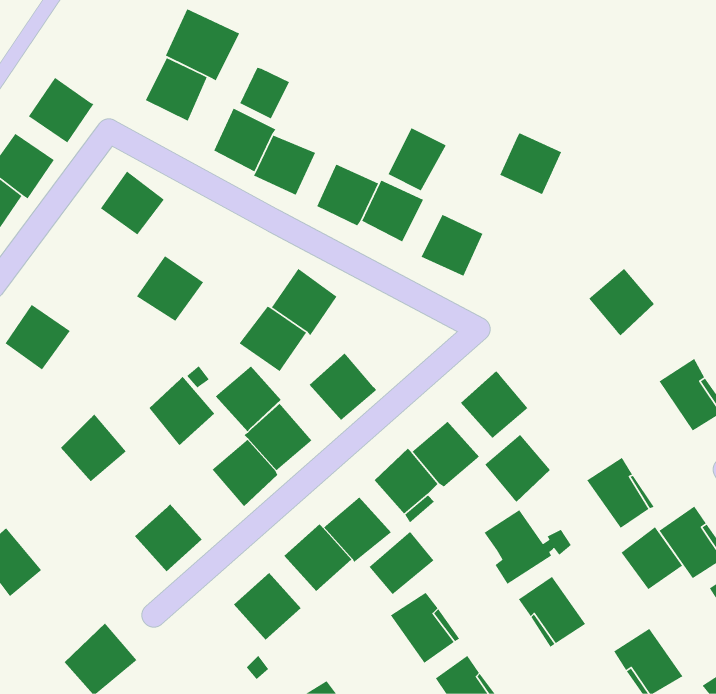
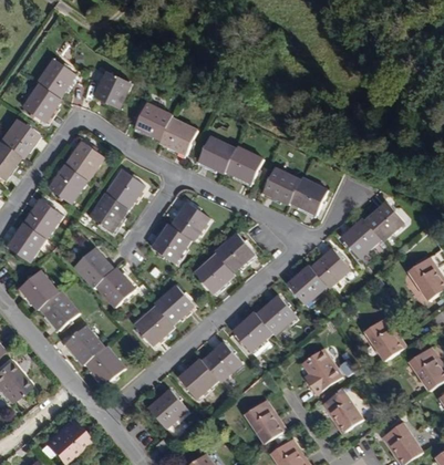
building: [165,8,240,81] -> none
building: none -> [34,56,76,99]
building: [239,67,290,120] -> none
building: [387,127,447,192] -> none
building: [499,132,562,195] -> [289,177,328,216]
building: none -> [47,164,87,206]
building: none -> [104,168,145,209]
building: none -> [22,199,63,239]
building: none -> [340,217,382,259]
building: none -> [214,231,255,273]
building: [215,366,282,432] -> [72,248,113,289]
building: none -> [18,271,59,312]
building: [484,434,551,502] -> [310,247,351,289]
building: none -> [63,327,105,368]
building: [620,526,683,590] -> none
building: [368,531,434,595] -> none

